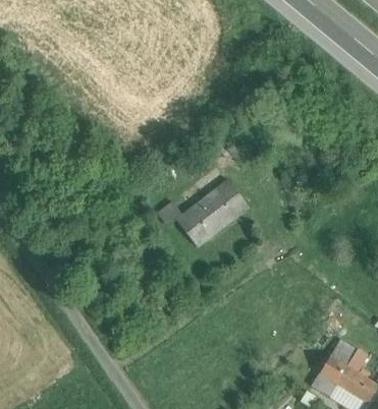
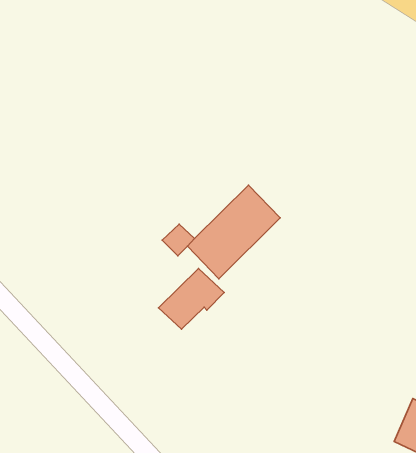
building: none -> [159,268,224,329]

